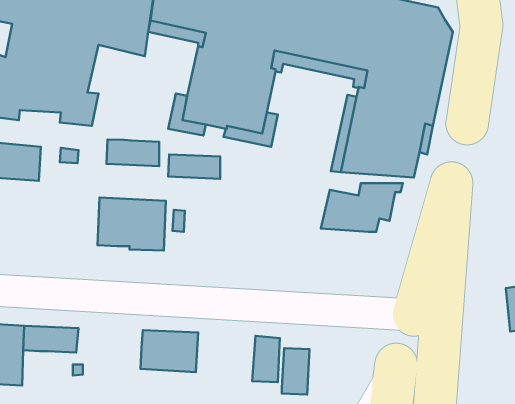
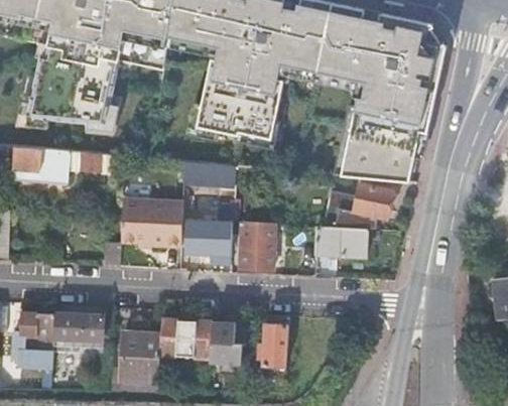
building: [107,140,159,166] -> none
building: none -> [185,222,232,265]
building: none -> [240,224,274,270]
building: none -> [314,227,367,257]
building: none -> [120,333,160,382]
building: [282,348,310,395] -> [210,321,235,364]

